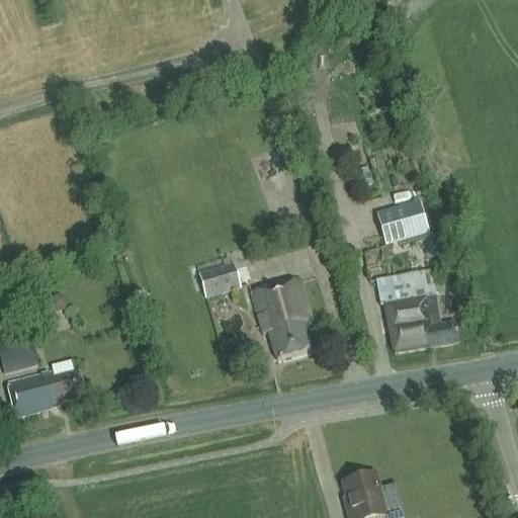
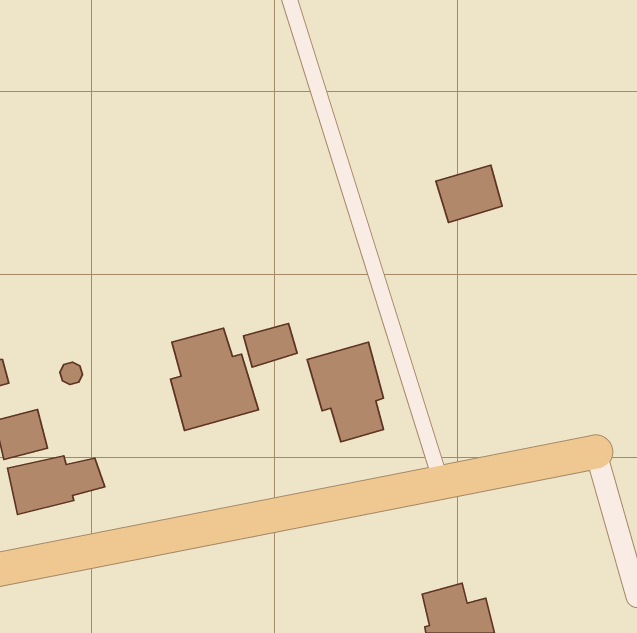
building: [378,196,432,243] -> [436,165,502,223]
building: none -> [170,328,258,430]
building: [376,269,458,353] -> none

